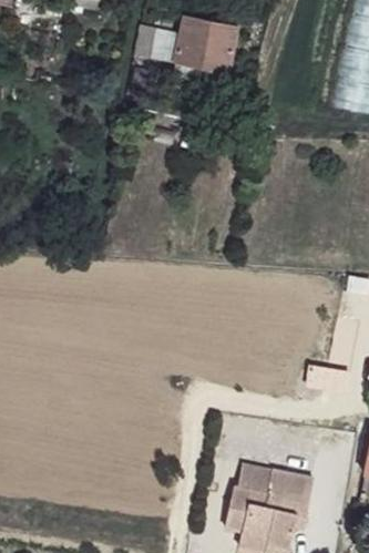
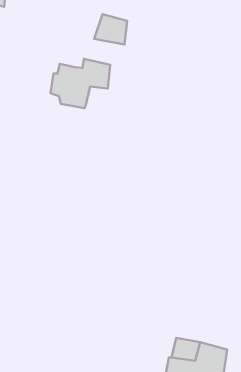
building: [175,12,237,74] -> none
building: none -> [50,59,110,108]

